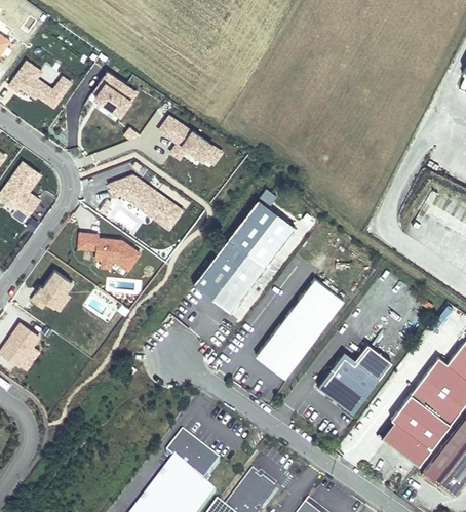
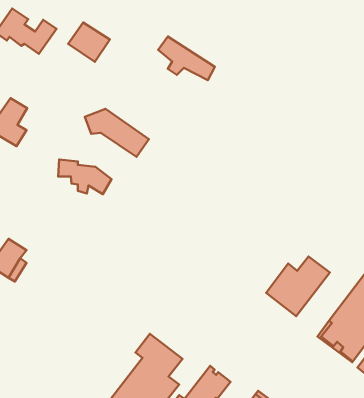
building: [158,117,224,167] -> [158,37,215,80]
building: [193,201,295,314] -> none
building: [37,273,72,310] -> none
building: [256,279,344,378] -> none

